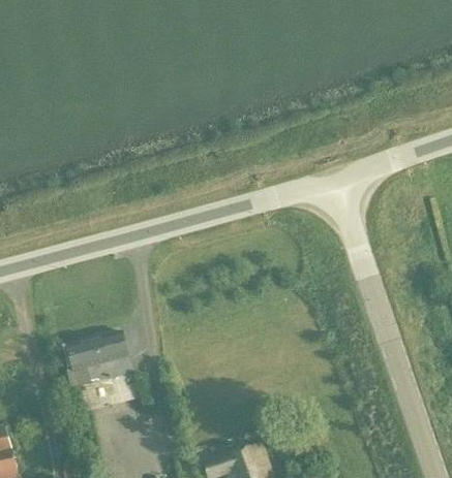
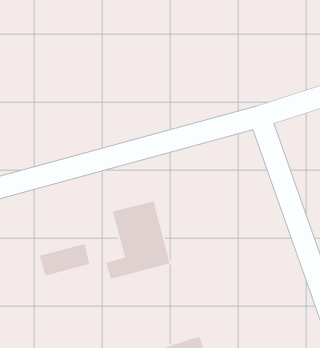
building: none -> [105,201,171,280]

